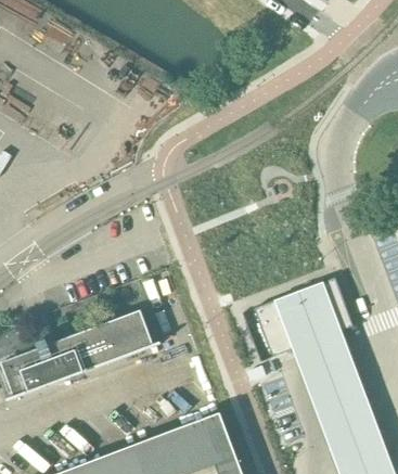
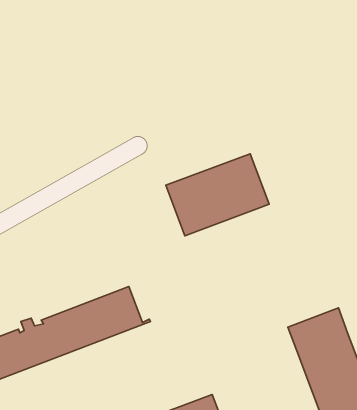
building: [253,278,352,357] -> [166,154,269,236]

